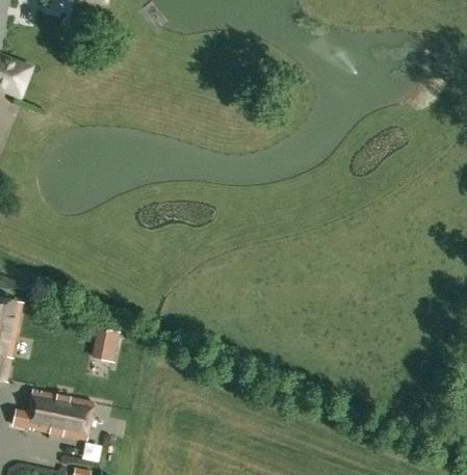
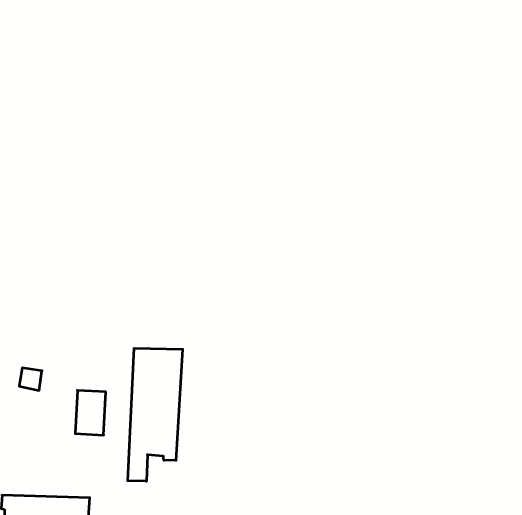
building: none -> [128,348,183,481]

